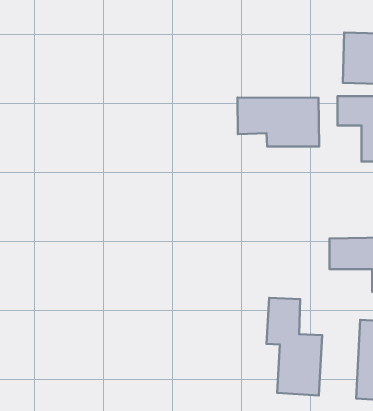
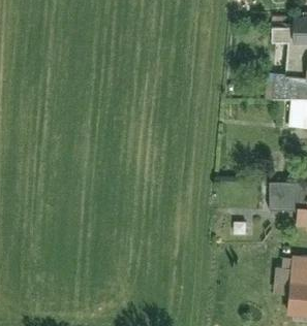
building: [238,98,319,146] -> none
building: [266,298,322,395] -> none

